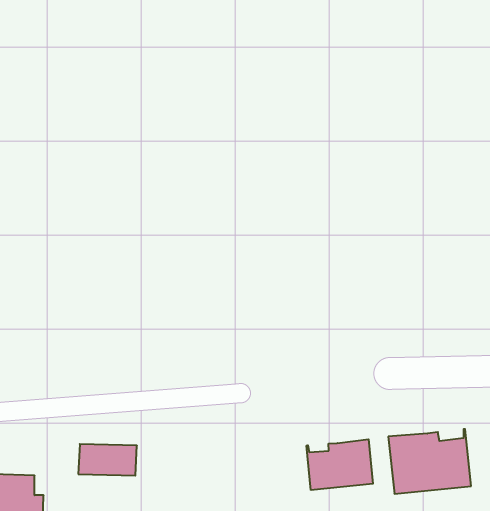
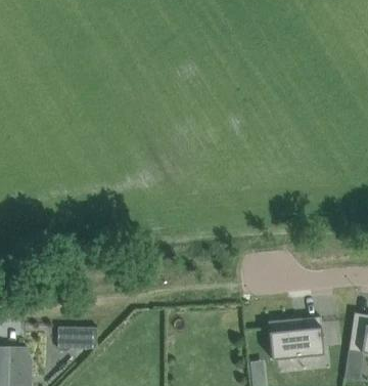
building: [307,439,373,490] -> none

